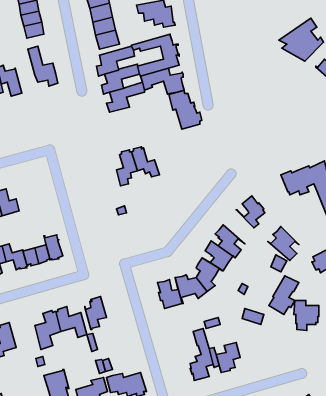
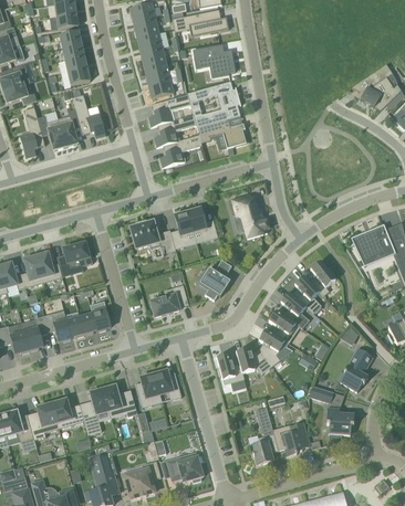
building: none -> [58,108,80,146]
building: [169,90,202,129] -> [232,194,269,238]
building: none -> [129,220,175,252]
building: none -> [56,242,92,272]
building: none -> [198,259,230,299]
building: none -> [150,284,188,316]
building: [268,226,299,260] -> [289,275,323,313]
building: none -> [153,369,181,399]
building: [294,301,319,331] -> [326,408,354,441]
building: none -> [51,398,84,428]

